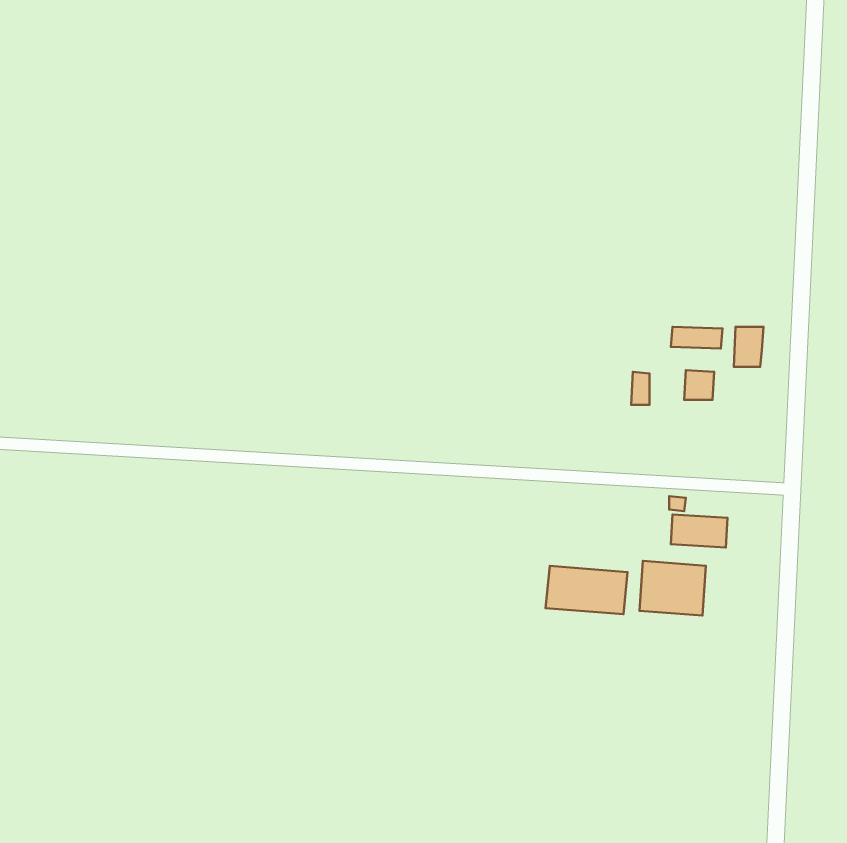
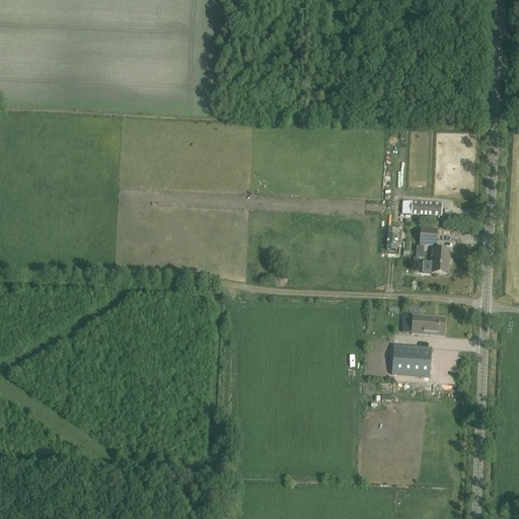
building: [734,327,764,367] -> [430,247,448,272]
building: [546,566,628,614] -> none

